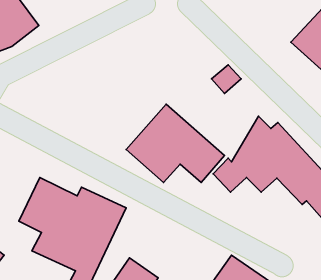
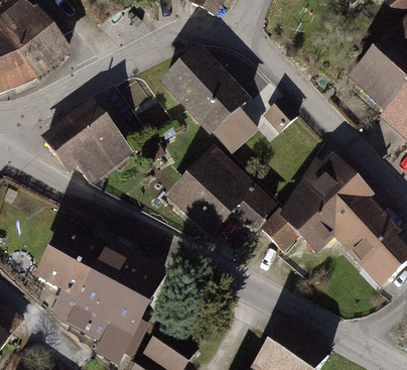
building: none -> [154,46,256,158]
building: none -> [45,101,130,178]

